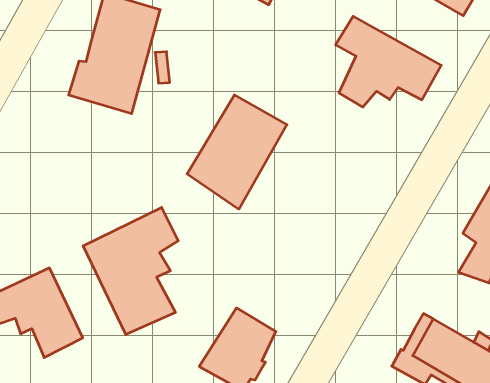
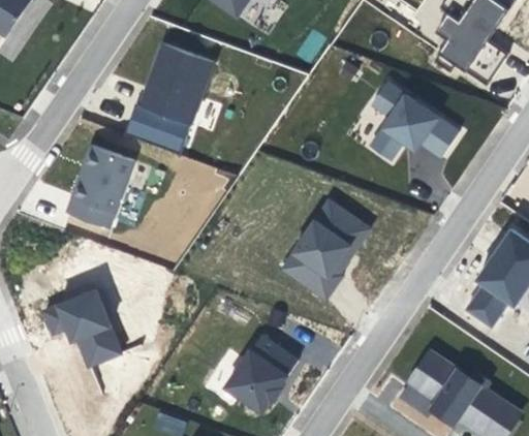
building: [187,95,287,209] -> [279,198,372,302]
building: none -> [70,143,136,227]
building: [83,207,178,335] -> none

